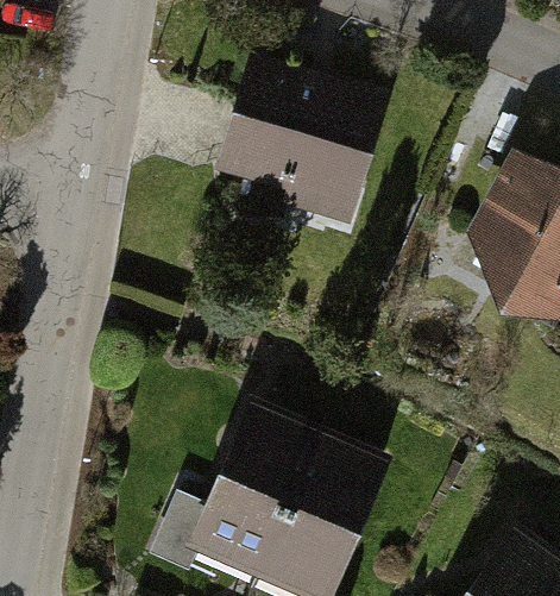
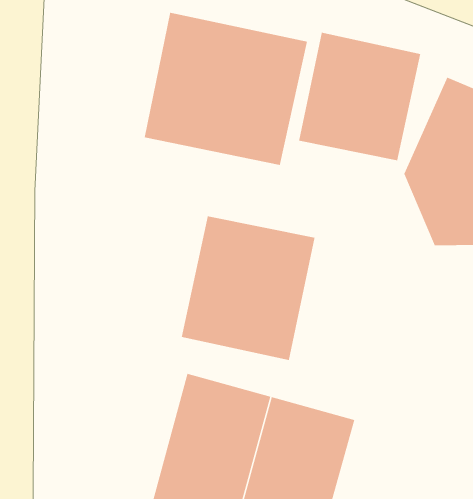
building: none -> [299,32,421,161]
building: none -> [181,216,315,361]

